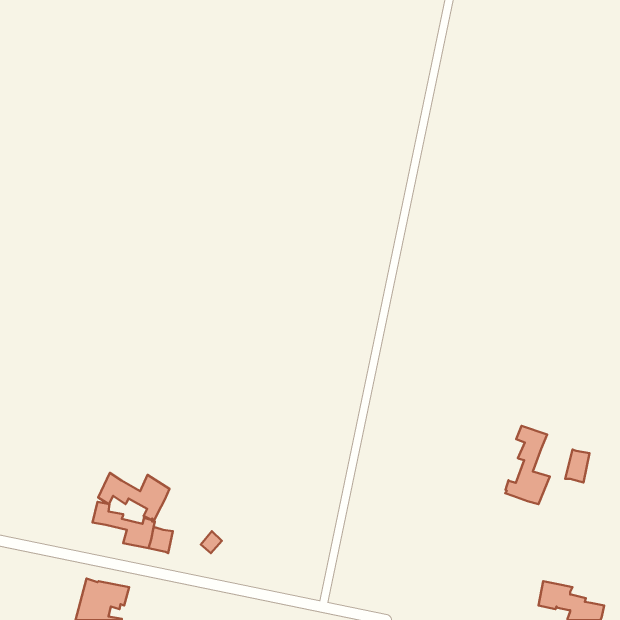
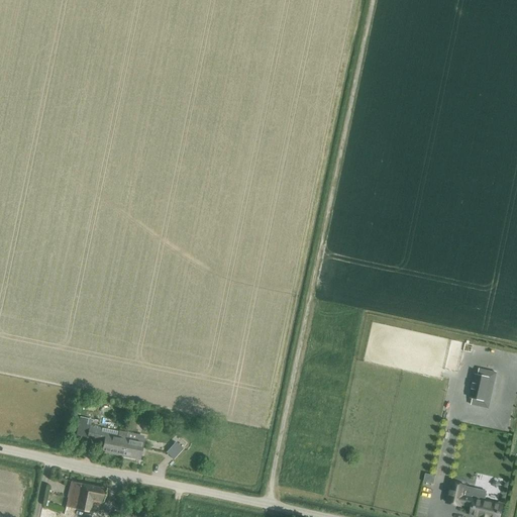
building: [505,426,550,504] -> none
building: [98,473,170,520] -> none

